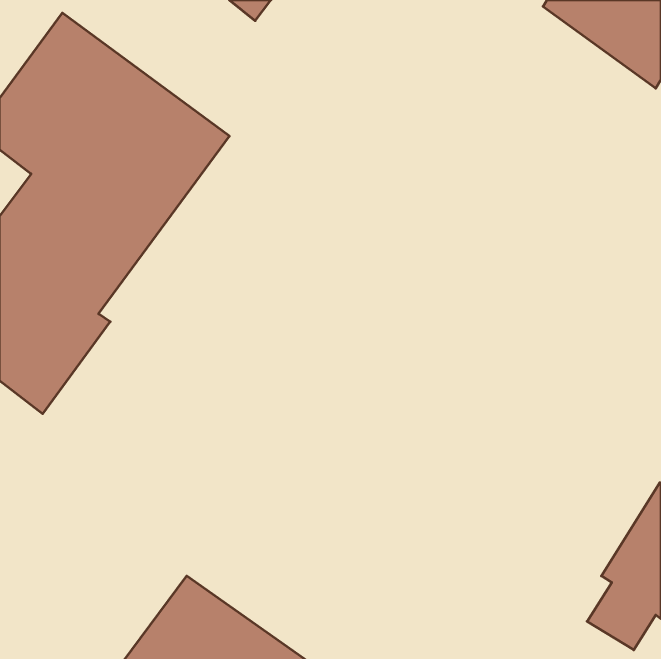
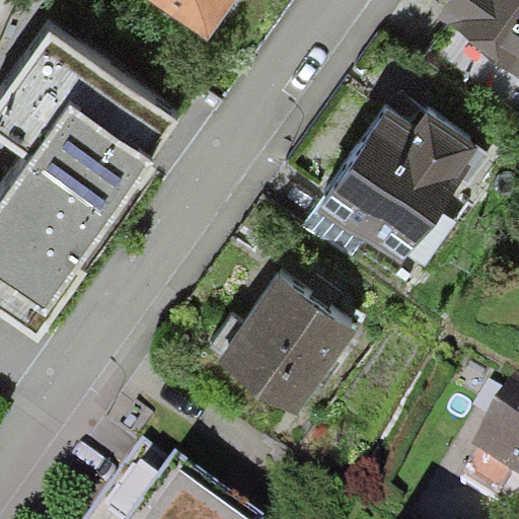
building: none -> [315,86,487,269]
building: none -> [218,277,359,421]

